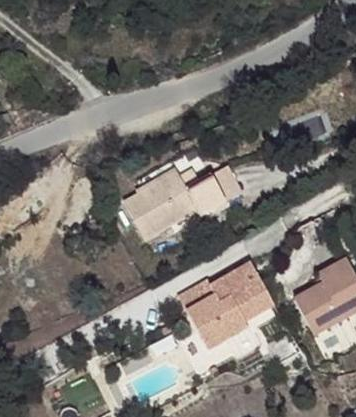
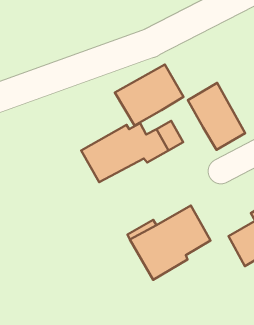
building: none -> [115,65,184,126]
building: none -> [188,83,245,150]

